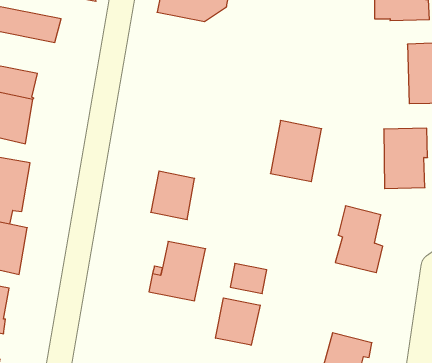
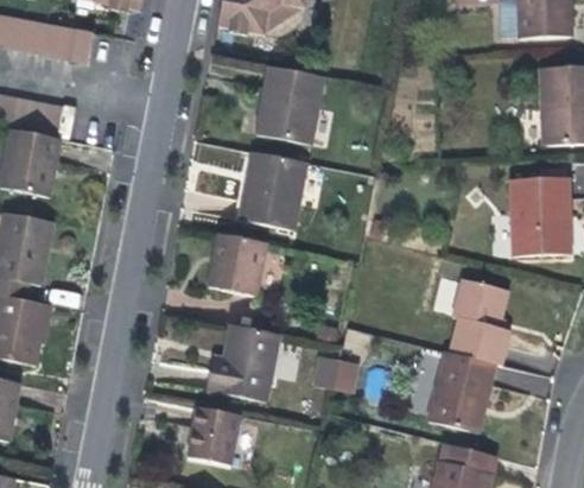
building: none -> [256,65,324,145]
building: [270,120,322,182] -> [240,151,306,230]
building: none -> [429,350,496,432]
building: [216,298,260,345] -> none
building: none -> [188,406,240,465]

